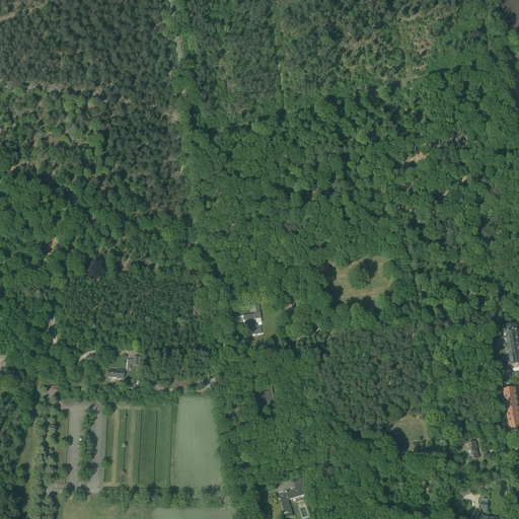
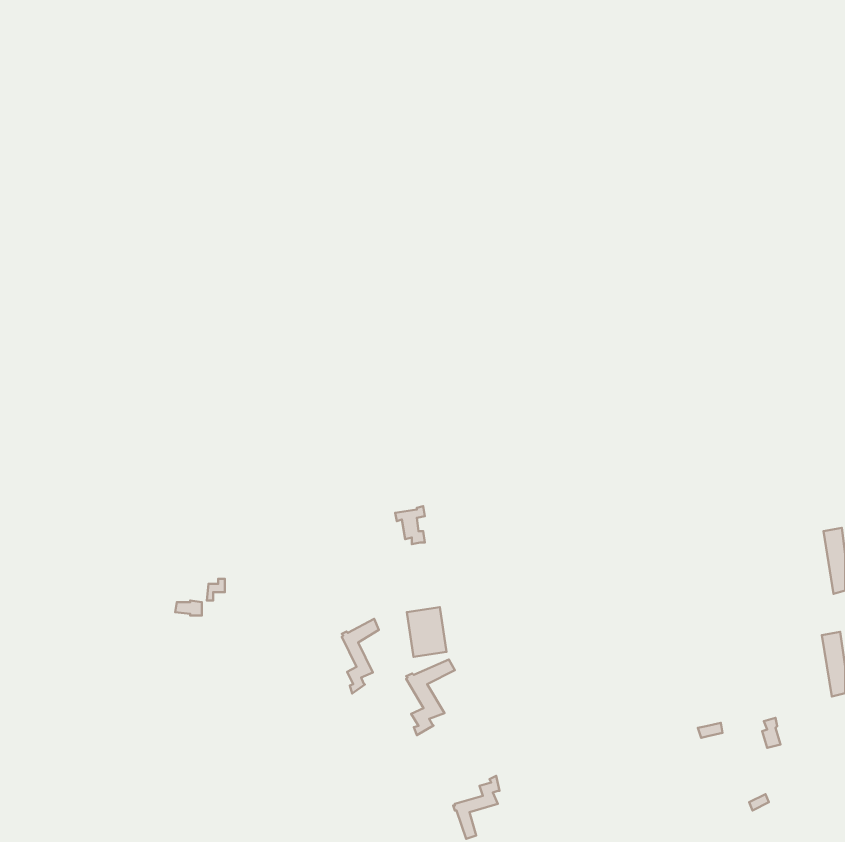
building: none -> [342,619,379,694]
building: none -> [406,660,455,735]

